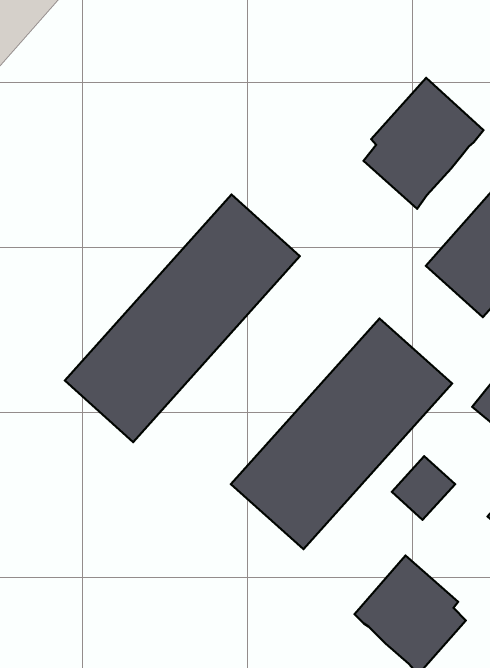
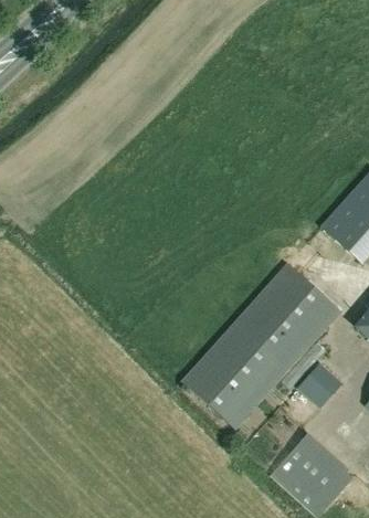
building: [363,78,483,209] -> none
building: [65,195,300,442] -> none

